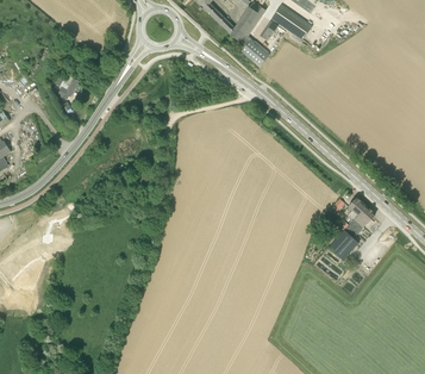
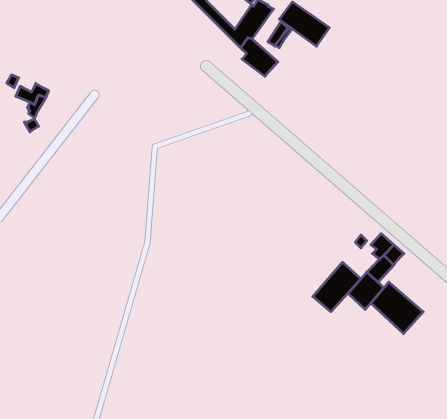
building: none -> [313,262,361,312]
building: none -> [371,282,423,334]

